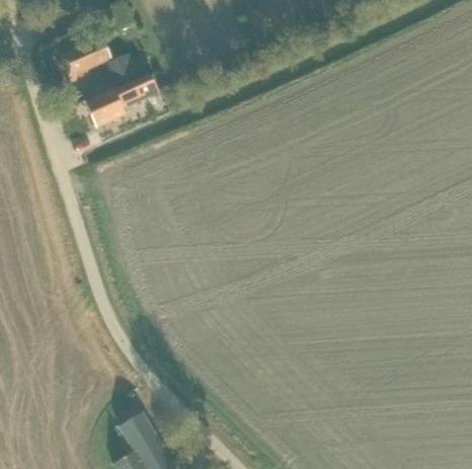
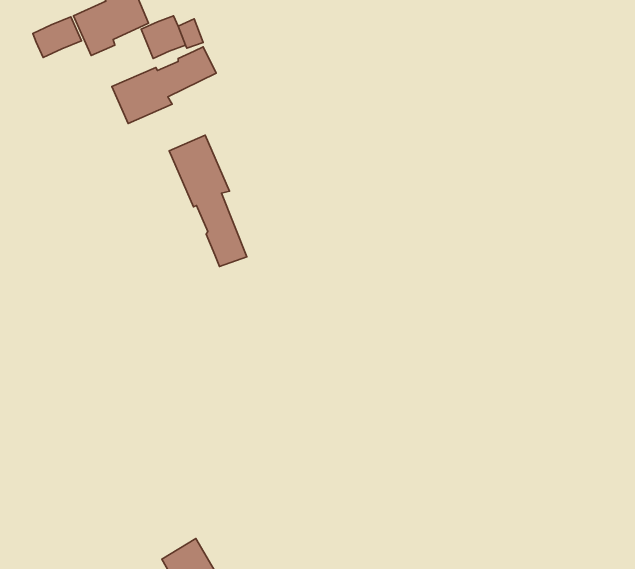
building: none -> [33,17,82,58]
building: none -> [169,135,247,267]

